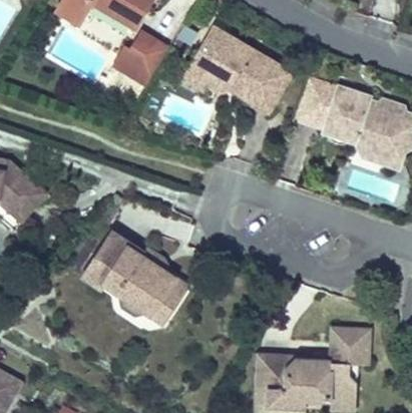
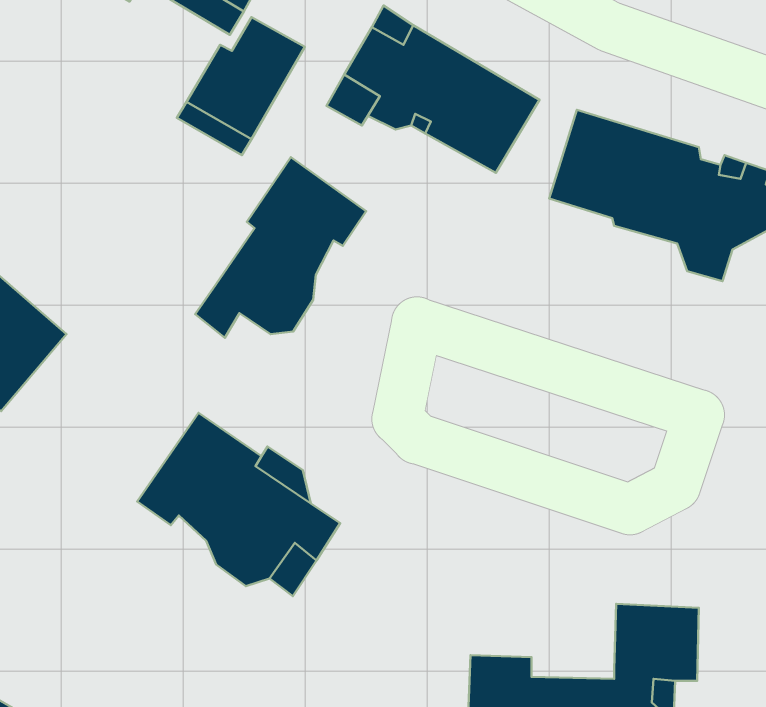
building: none -> [195,157,366,338]

